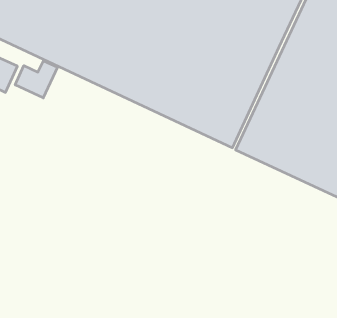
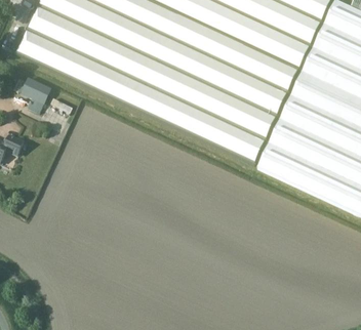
building: [15,61,57,98] -> none

